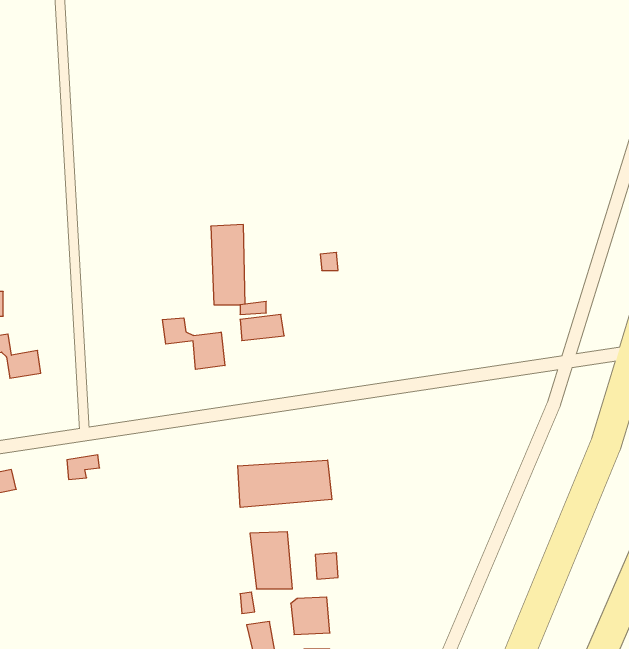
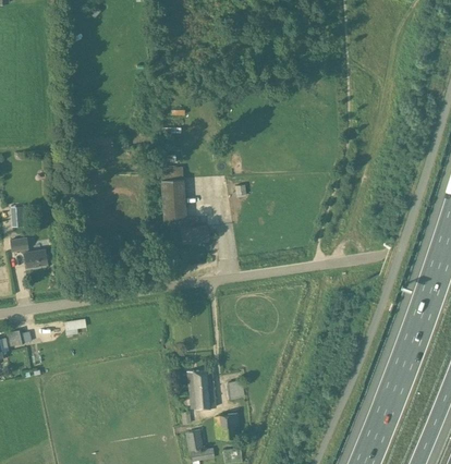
building: [162,318,225,369] -> none
building: [238,460,332,507] -> none

